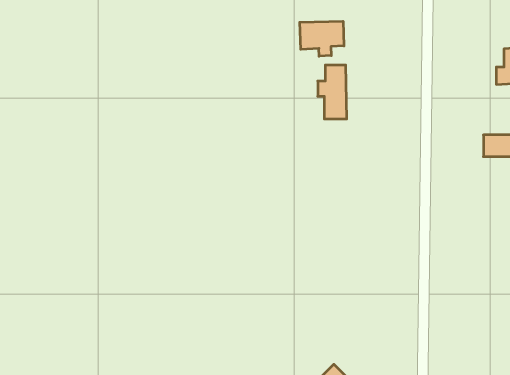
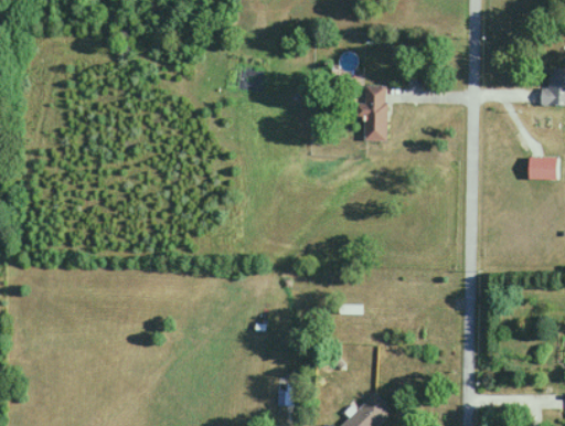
building: [300,21,344,56] -> none

